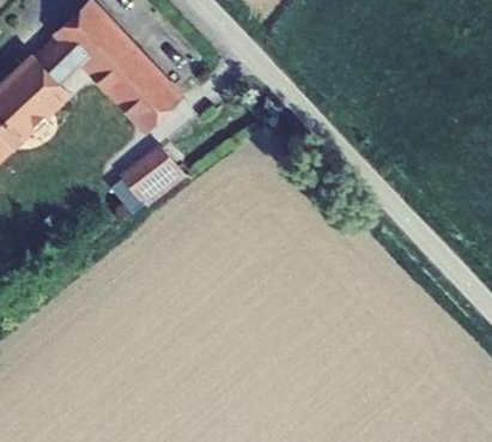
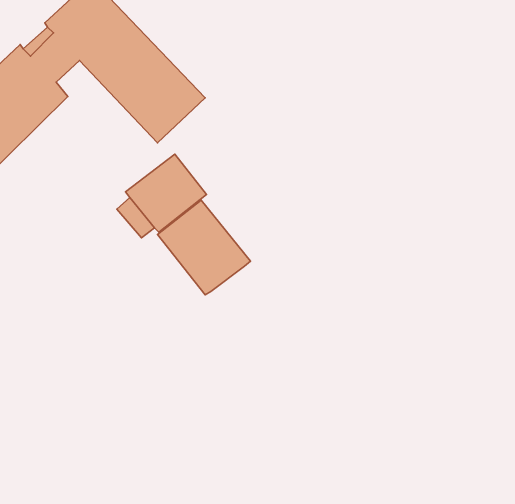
building: none -> [158,200,250,295]

